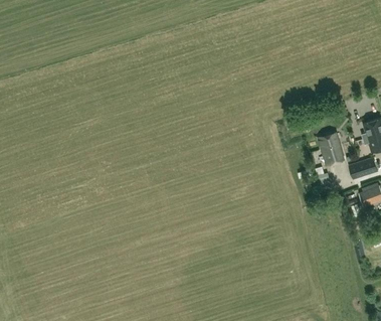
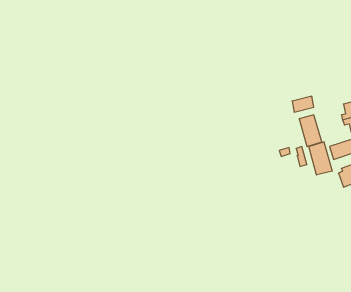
building: none -> [309,142,332,175]

